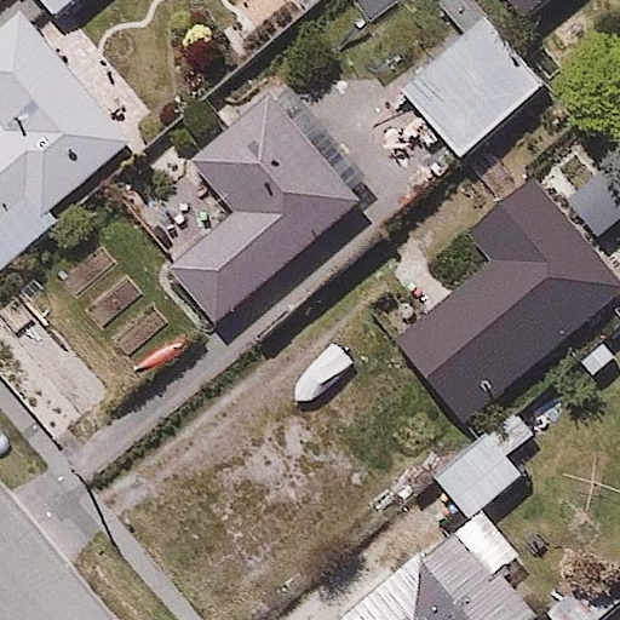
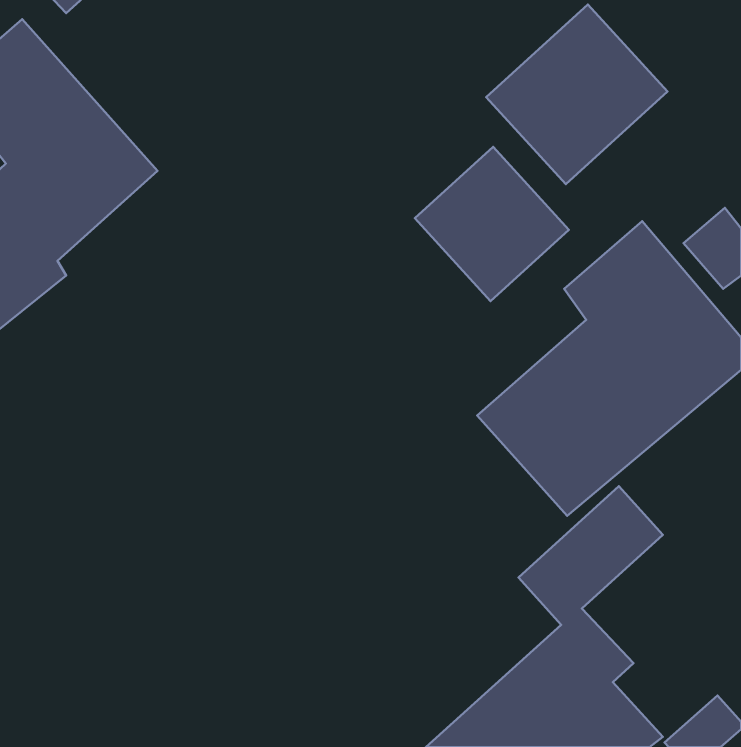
building: [167,99,356,327] -> none
building: none -> [415,147,569,301]

